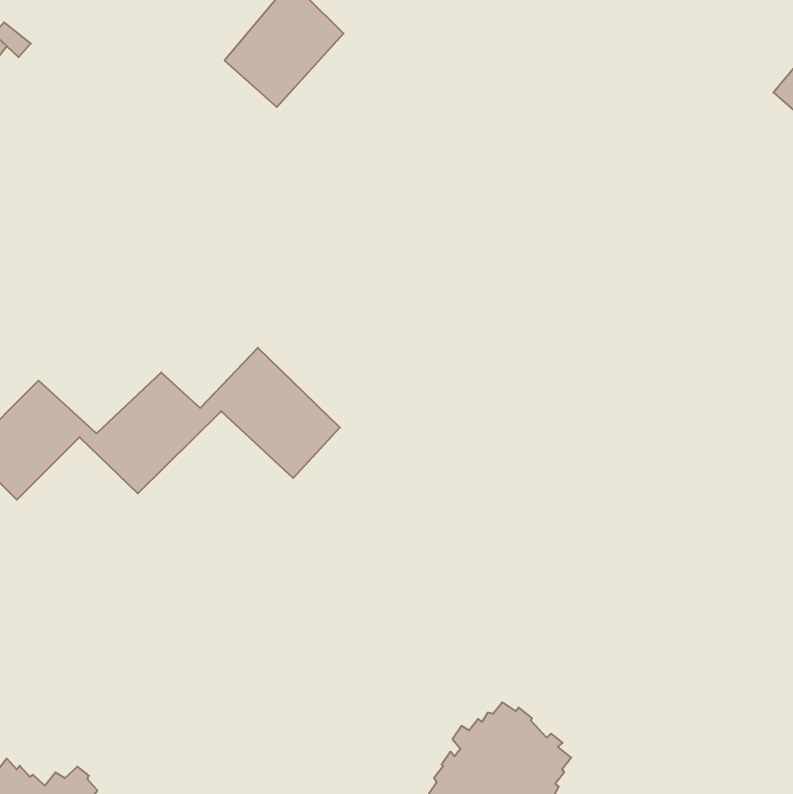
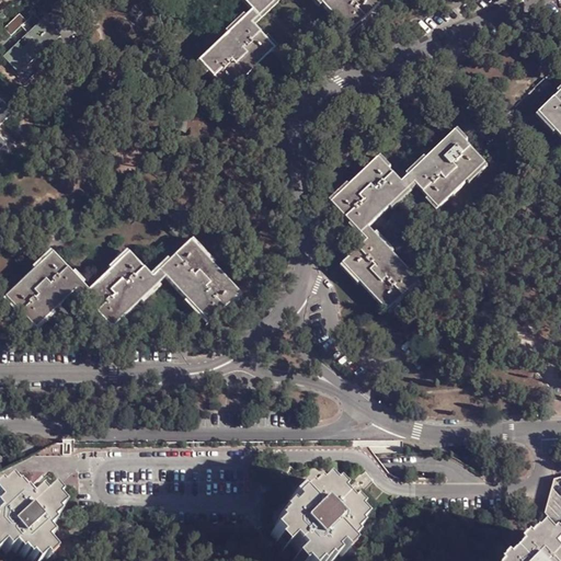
building: none -> [331,131,489,309]

